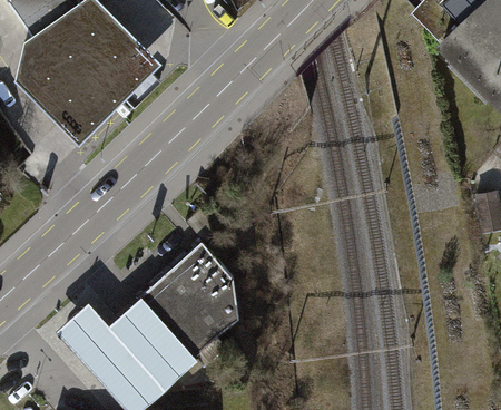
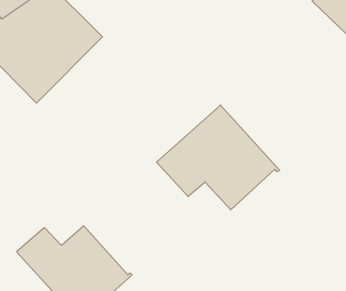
building: none -> [156,105,280,210]
building: [138,243,239,361] -> none

